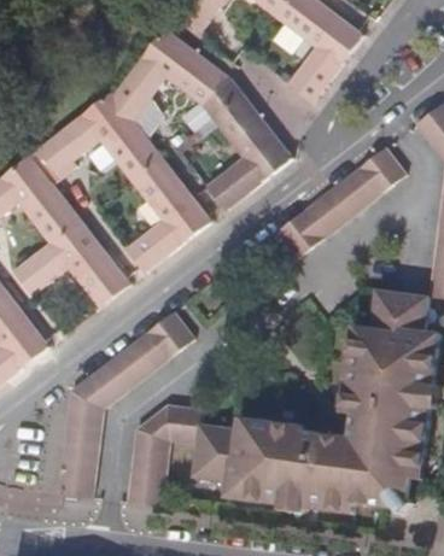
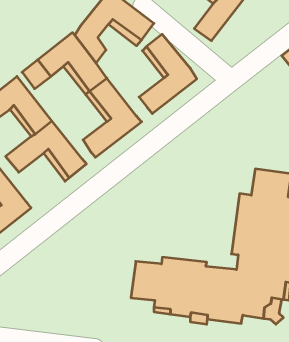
building: [276,146,408,258] -> none
building: [56,311,195,498] -> none
building: [129,404,201,505] -> none

